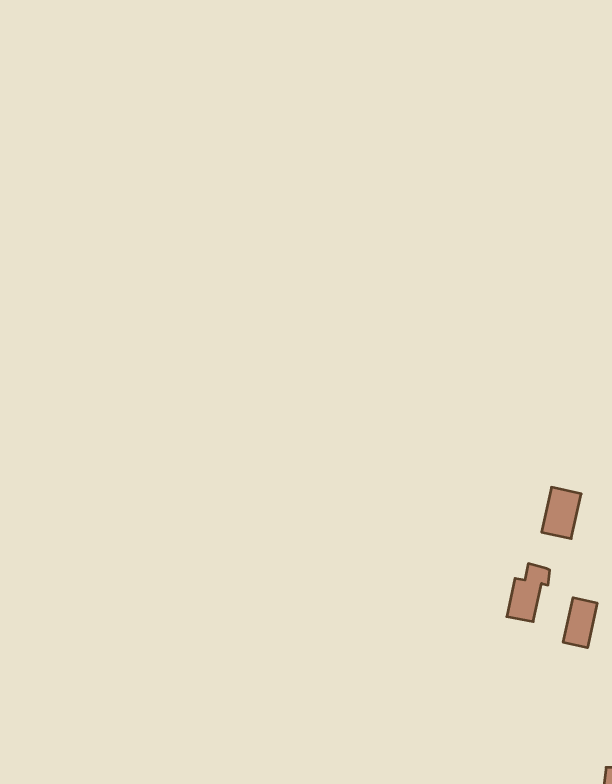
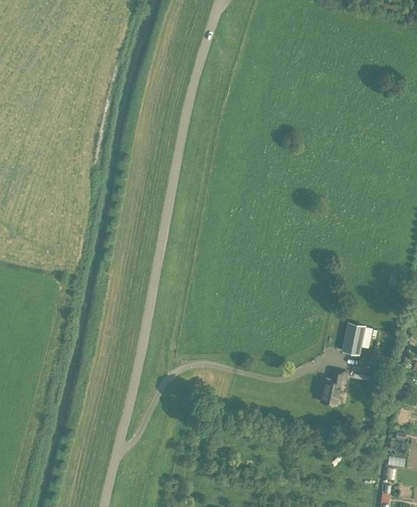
building: [563,598,597,648] -> none

